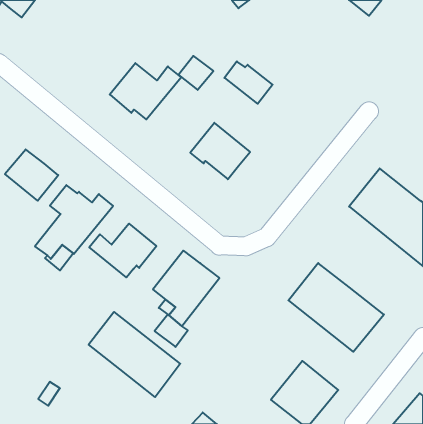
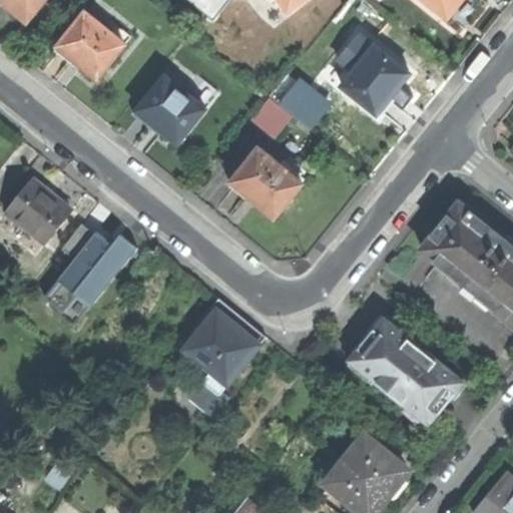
building: none -> [54,12,129,77]
building: none -> [342,40,407,115]
building: [178,56,213,90] -> [248,98,291,139]
building: [89,224,156,277] -> none
building: [89,312,180,397] -> none

